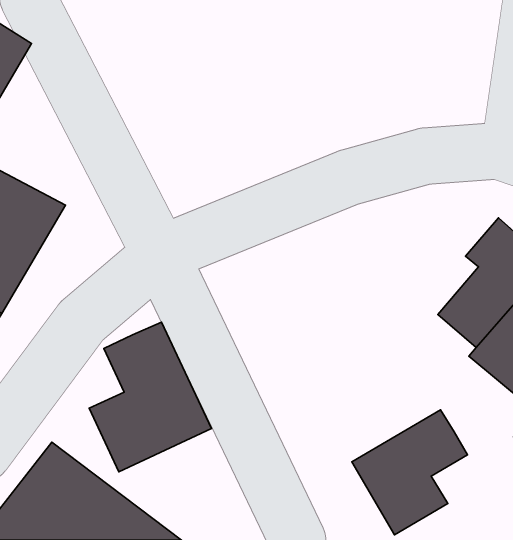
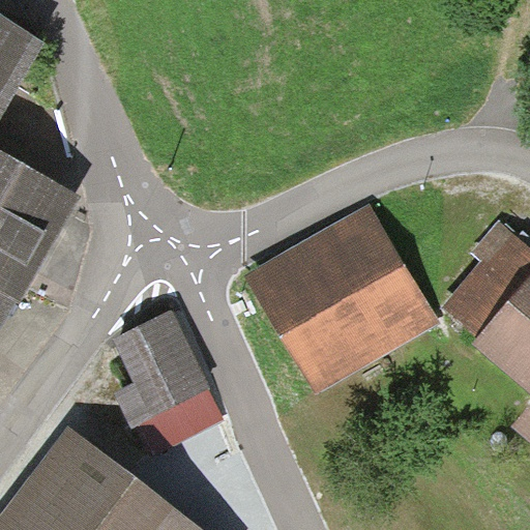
building: none -> [248,207,434,389]
building: [352,410,467,535] -> none

